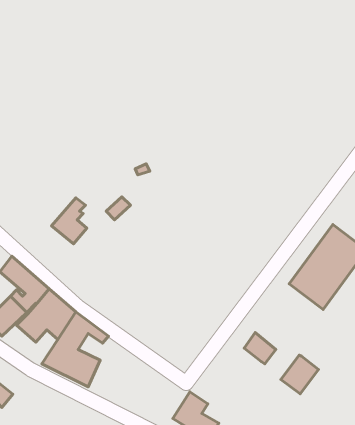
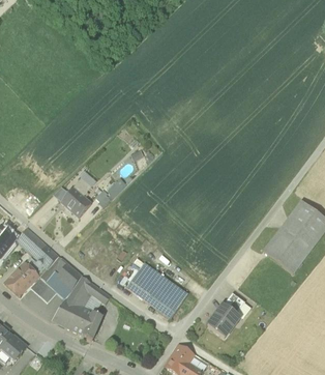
building: none -> [124,262,186,318]
building: [281,355,318,394] -> [207,305,239,338]

